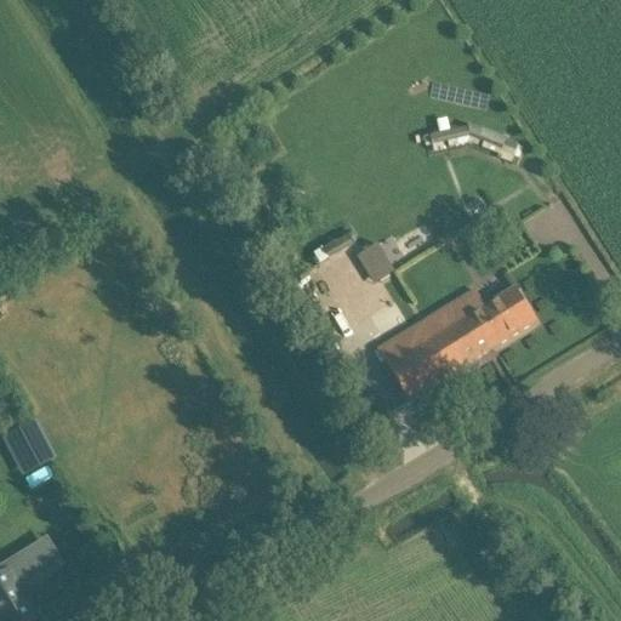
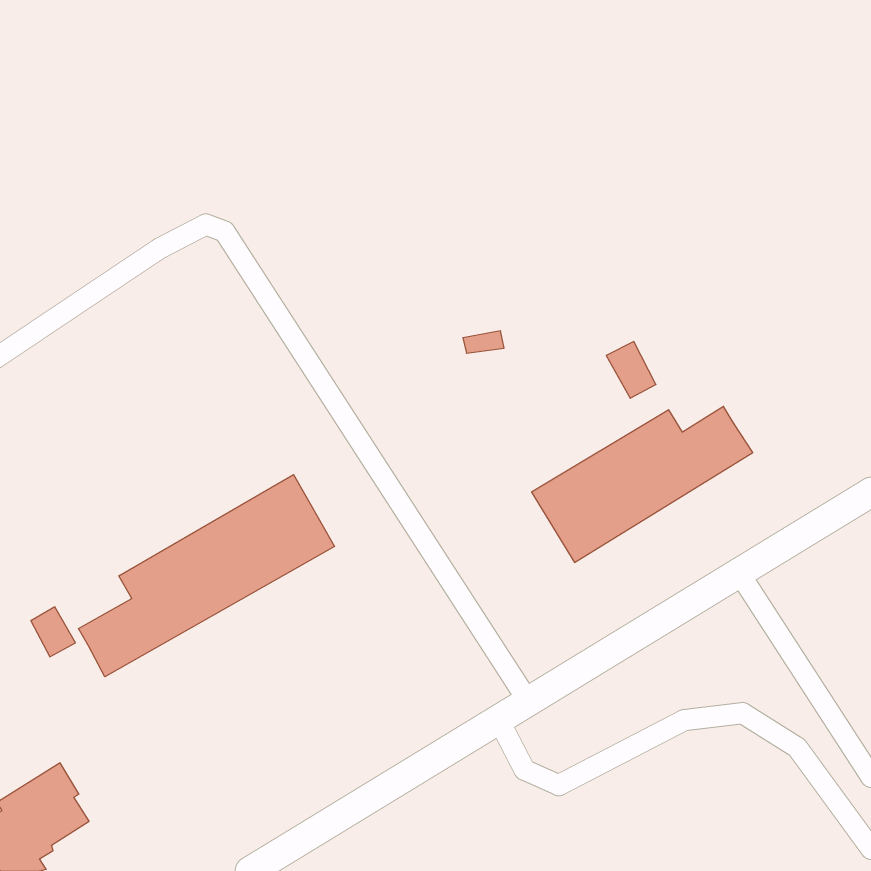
building: [361,238,397,278] -> [606,342,656,398]
building: none -> [78,475,335,677]

